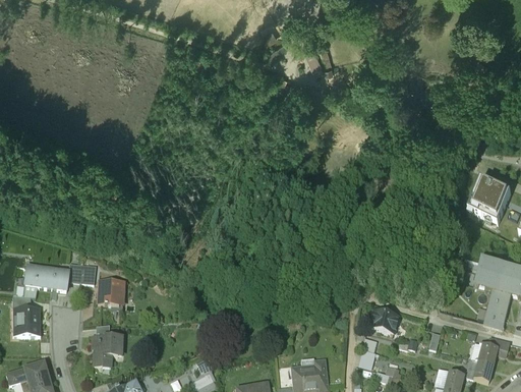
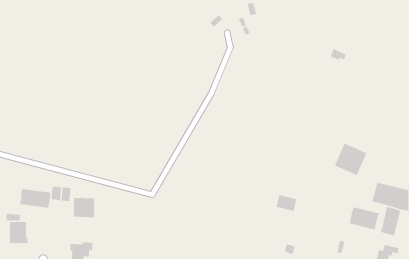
building: [467,175,510,218] -> [334,142,368,176]
building: none -> [349,206,380,230]
building: [369,310,397,332] -> [276,194,297,212]

